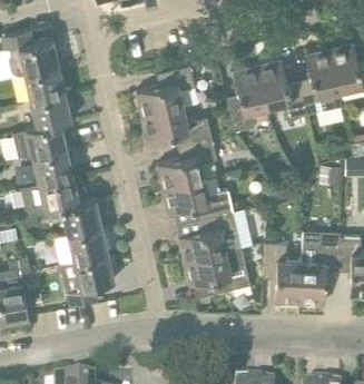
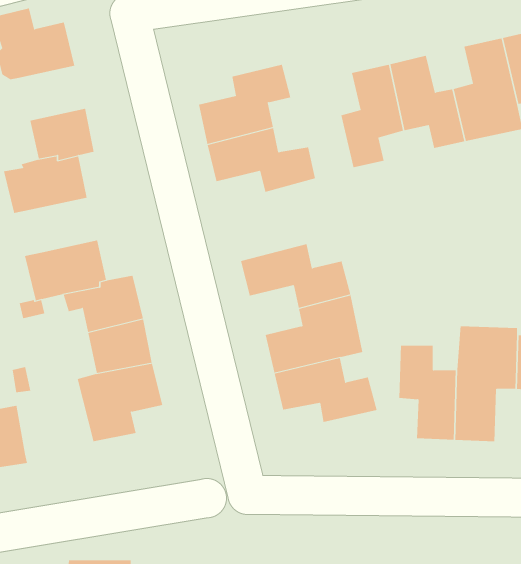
building: [23,66,66,100] -> none
building: [158,137,217,189] -> none
building: [31,149,73,184] -> none

